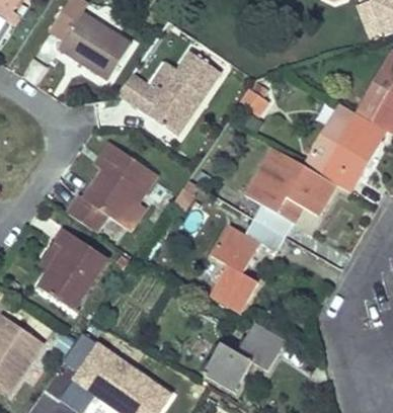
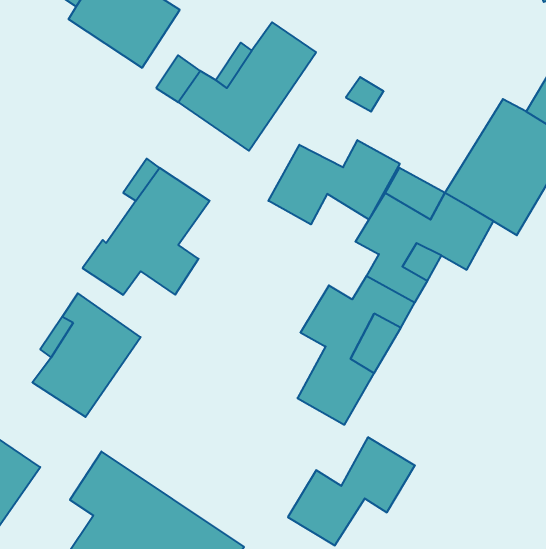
building: none -> [268,140,400,224]

